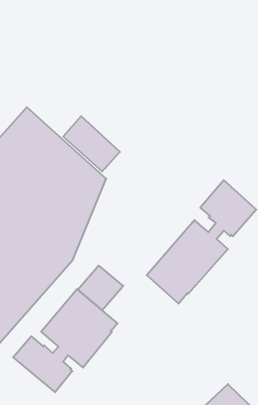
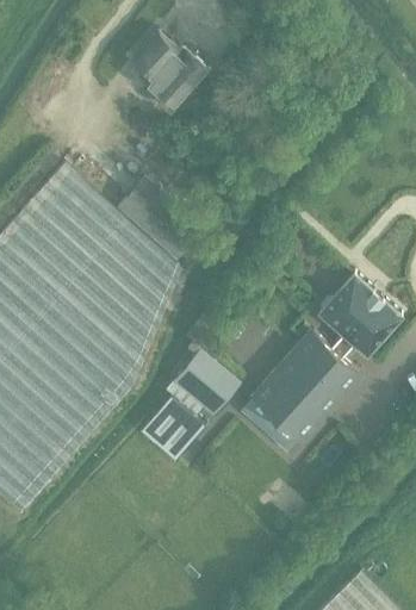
building: none -> [132,30,207,111]
building: none -> [164,348,240,417]
building: [13,289,118,392] -> none

